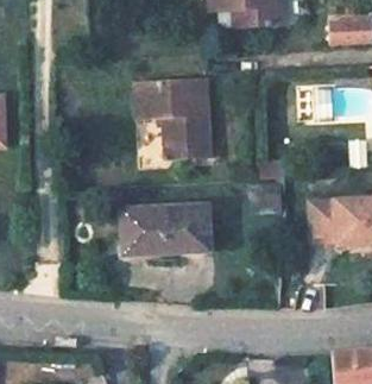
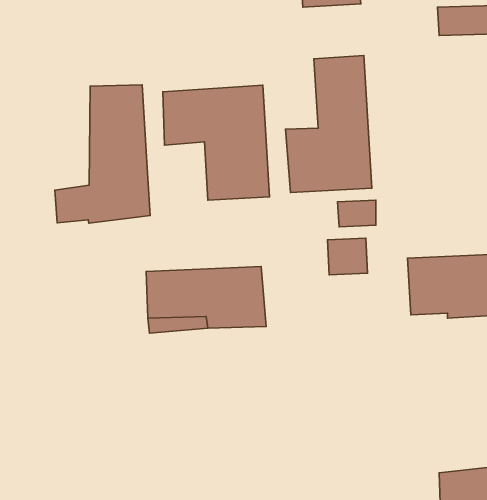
building: none -> [286,56,372,192]
building: none -> [55,85,150,223]

